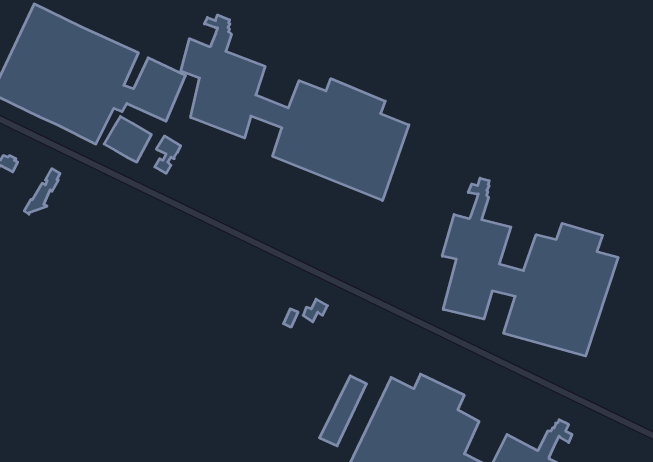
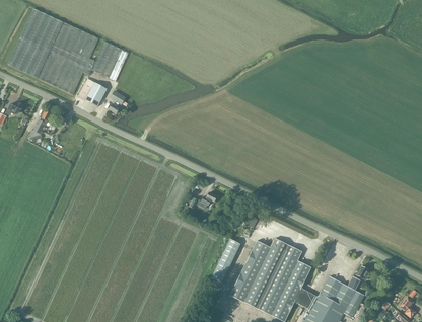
building: [181,15,409,201] -> none
building: [442,178,618,356] -> none

